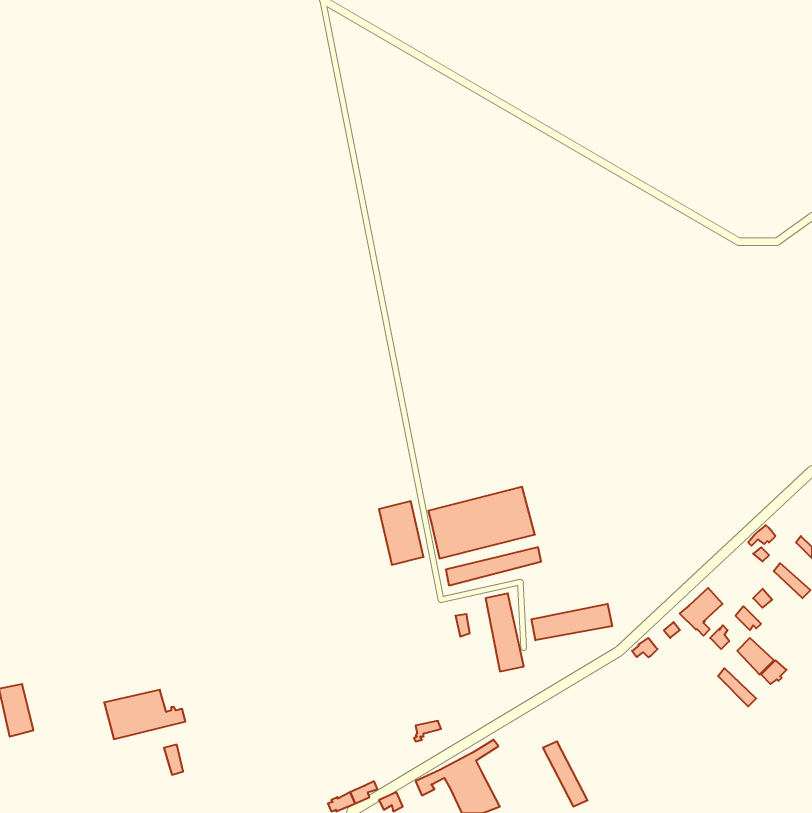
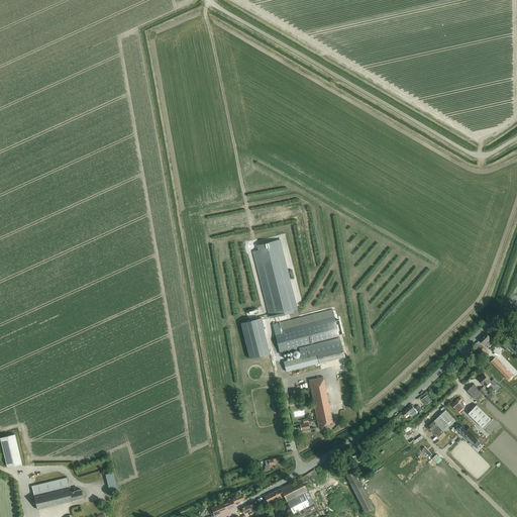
building: none -> [253,239,297,318]
building: [680,588,723,636] -> [427,410,454,440]
building: [532,604,612,640] -> none
building: [104,690,185,739] -> [30,478,82,509]

